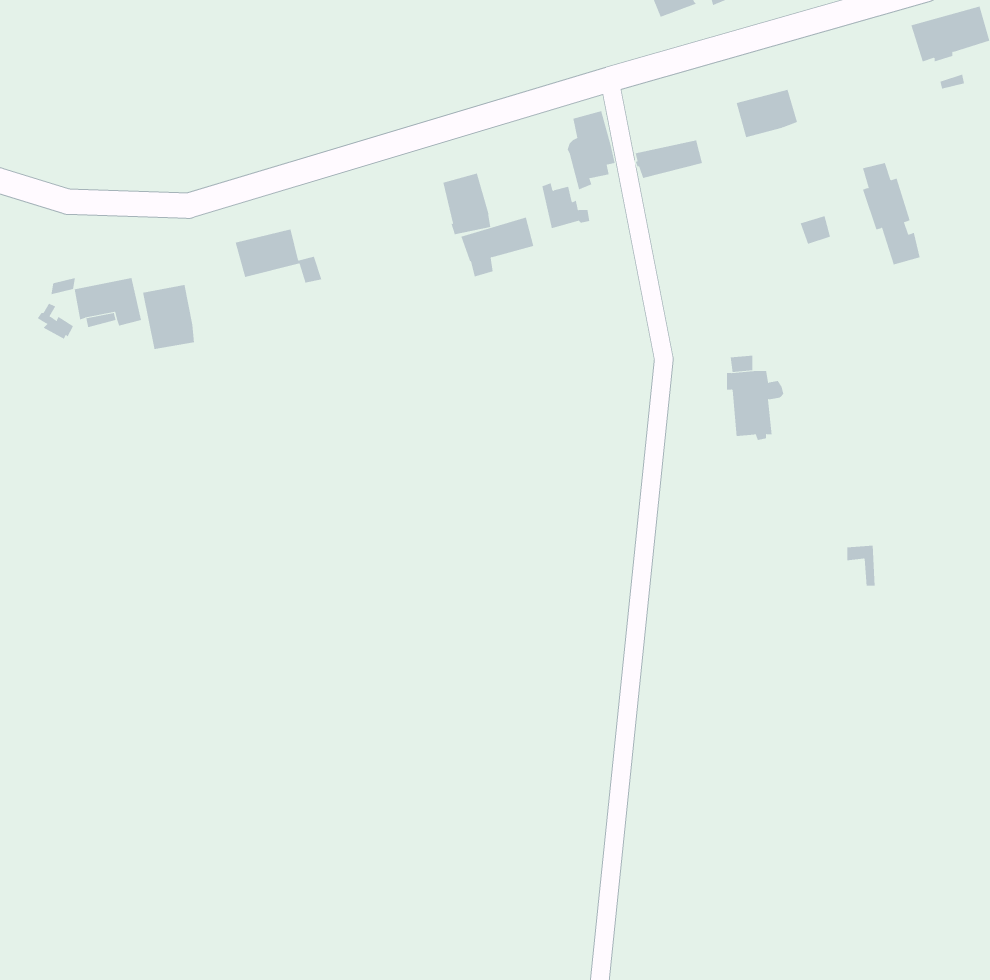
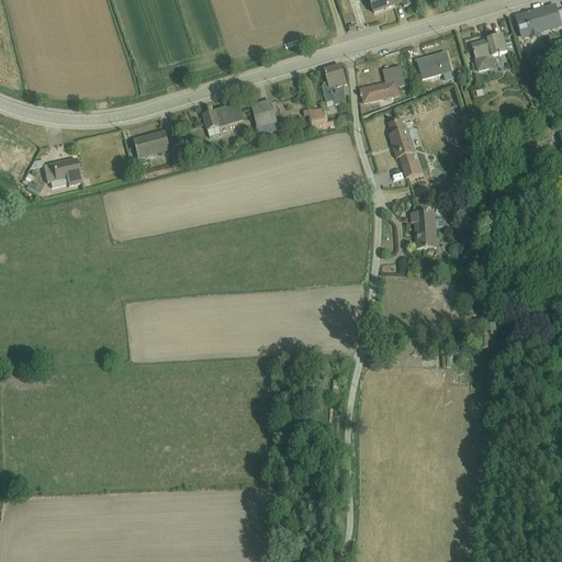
building: none -> [471,33,506,69]
building: [862,162,920,265] -> [387,117,420,176]
building: [460,217,534,277] -> [201,102,243,136]
building: [142,284,194,350] -> none

